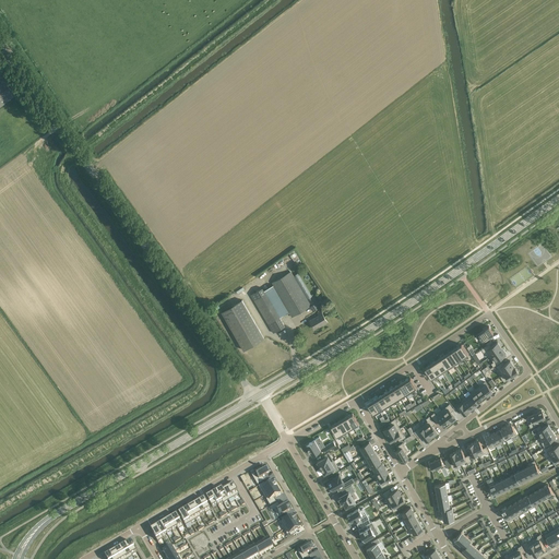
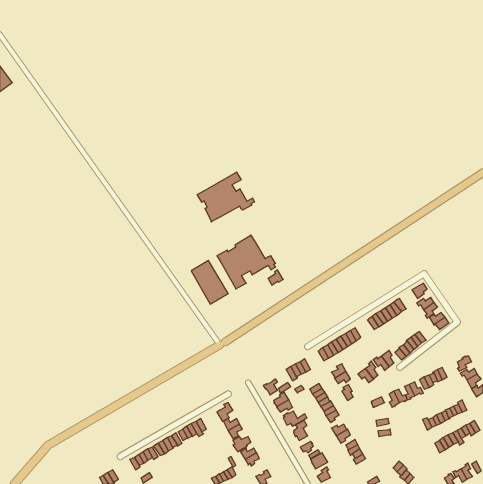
building: none -> [197,172,255,222]

